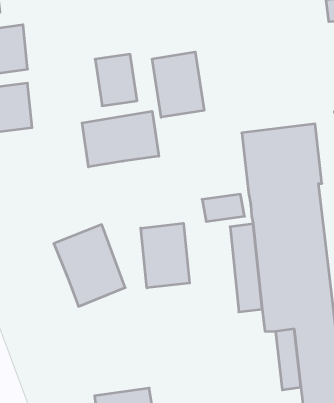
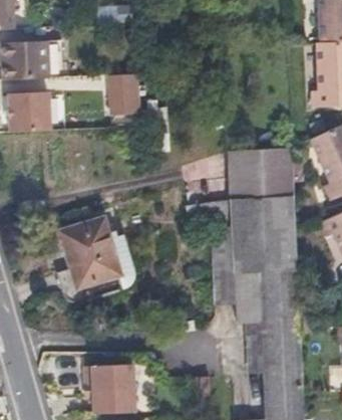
building: [152,52,204,117] -> none
building: [82,111,159,167] -> none
building: [141,223,190,288] -> none

